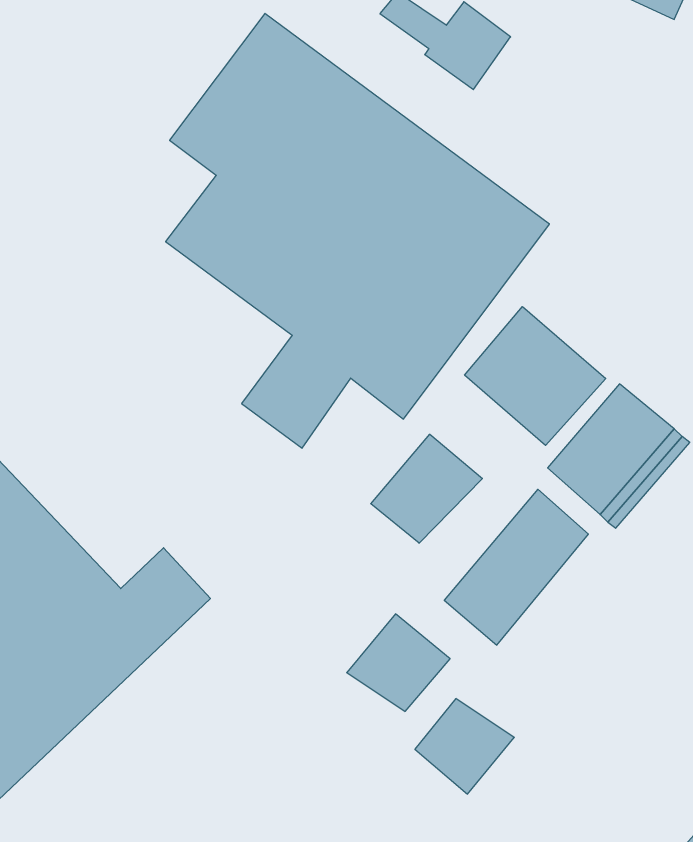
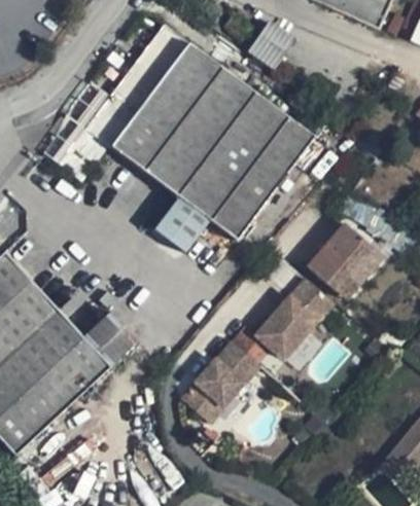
building: [465,307,606,445] -> none
building: [371,434,482,543] -> none
building: [415,699,514,794] -> [183,374,236,425]

